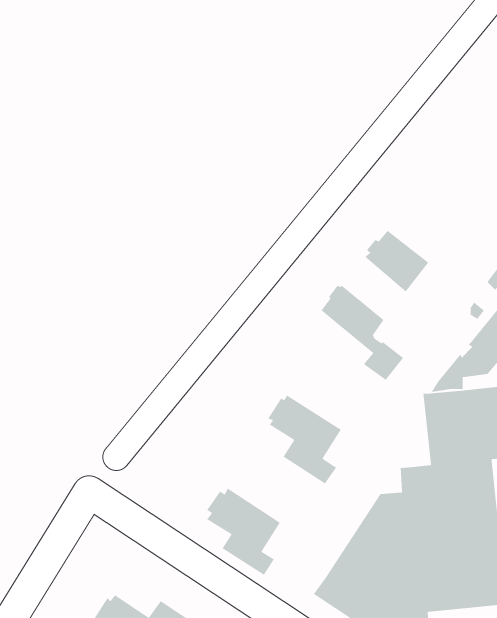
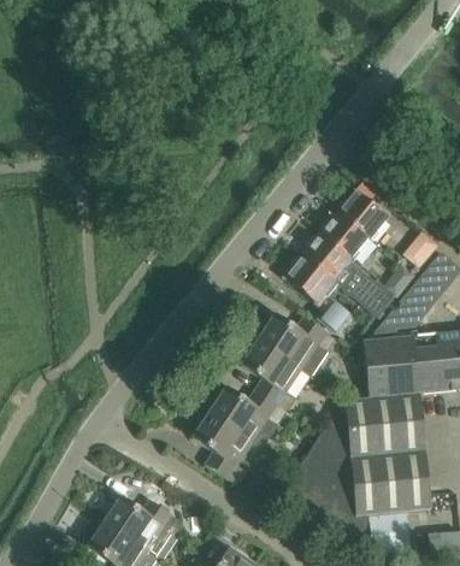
building: none -> [336,189,389,237]
building: none -> [301,232,396,317]
building: none -> [258,316,336,375]
building: none -> [210,389,288,448]

